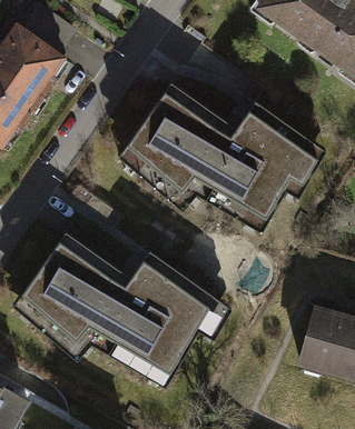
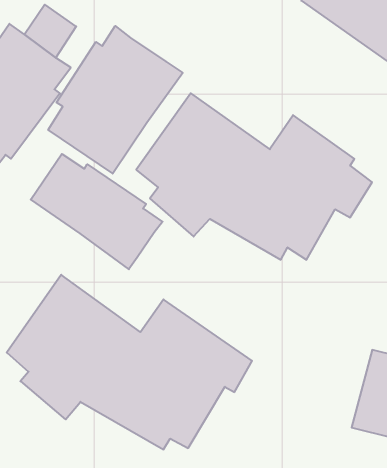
building: none -> [48,26,183,174]
building: none -> [31,154,163,269]

